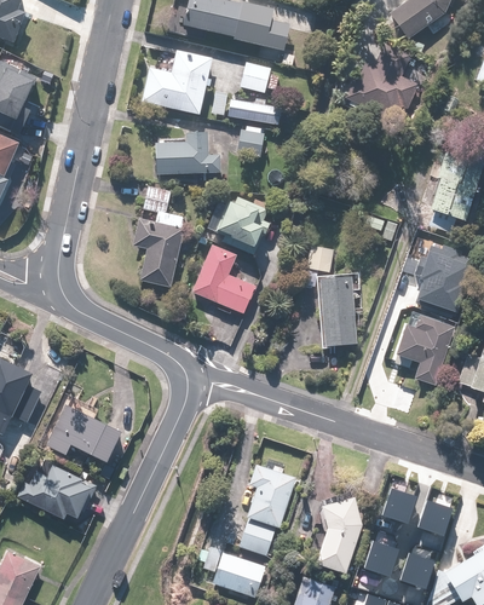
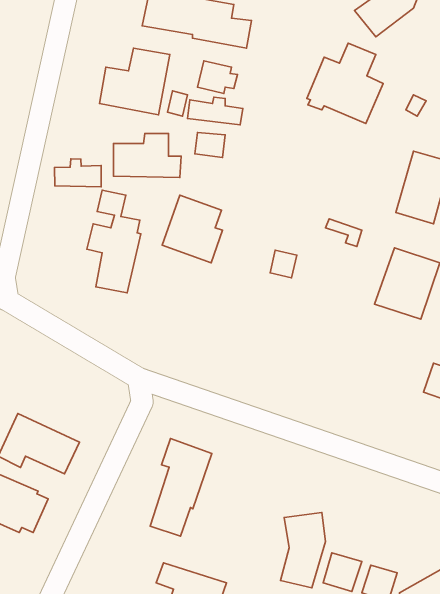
building: none -> [55,159,101,187]
building: [191,243,253,317] -> none
building: [316,276,357,347] -> none
building: [374,310,456,386] -> none
building: [236,462,295,557] -> [150,438,212,536]
building: [378,485,413,522] -> none
building: [413,497,448,532] -> none

